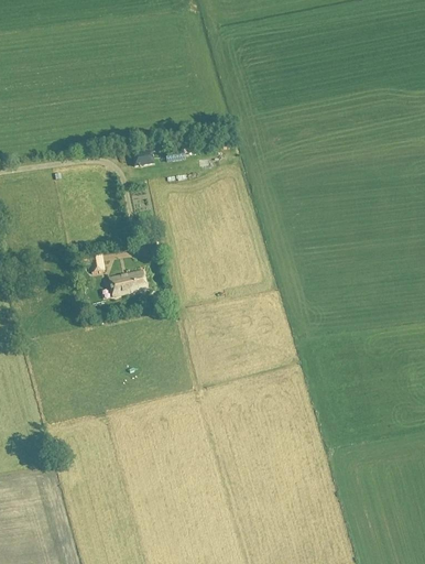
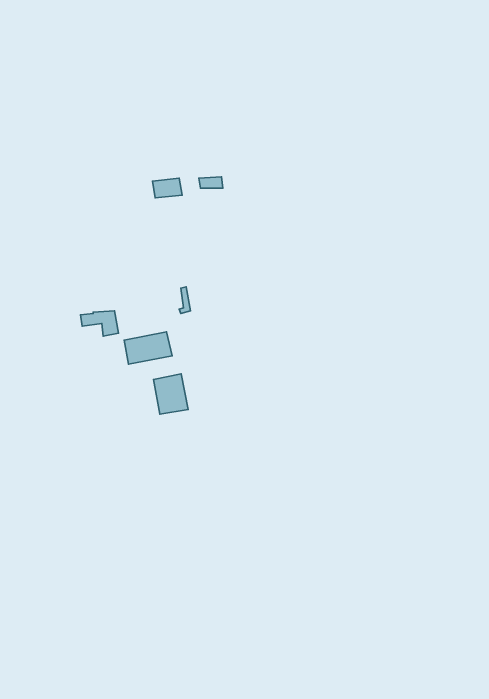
building: none -> [154,374,188,414]

